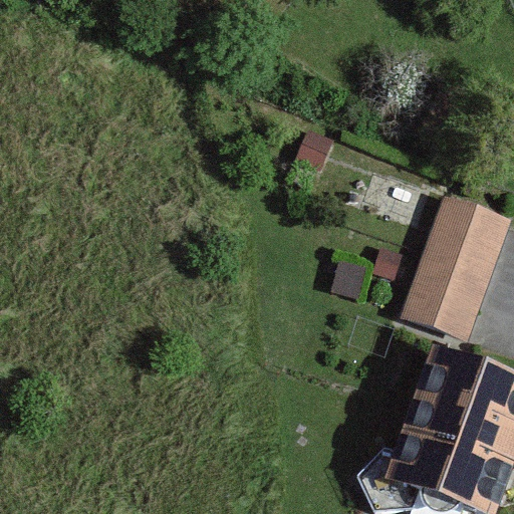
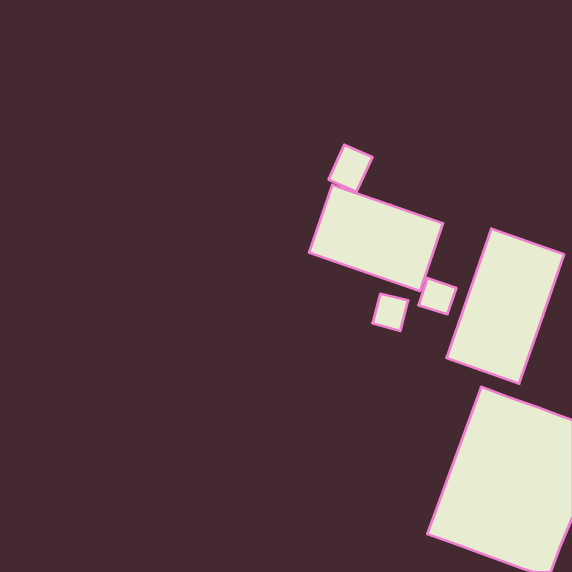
building: none -> [309,185,443,291]

